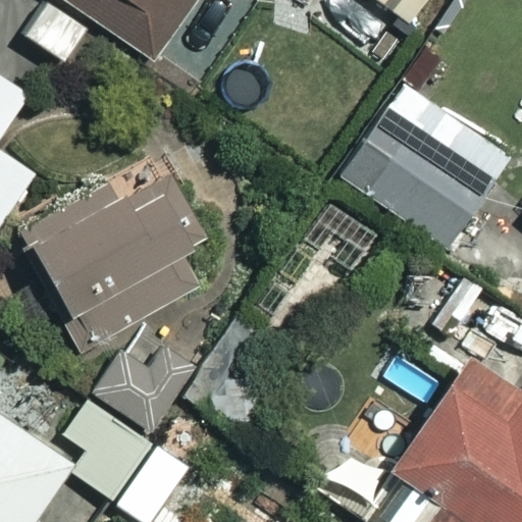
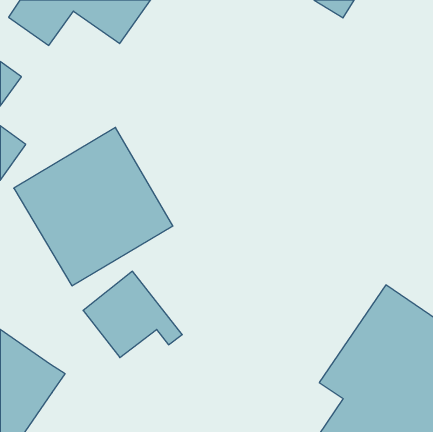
building: [342,85,509,250] -> none
building: [65,399,166,512] -> none

